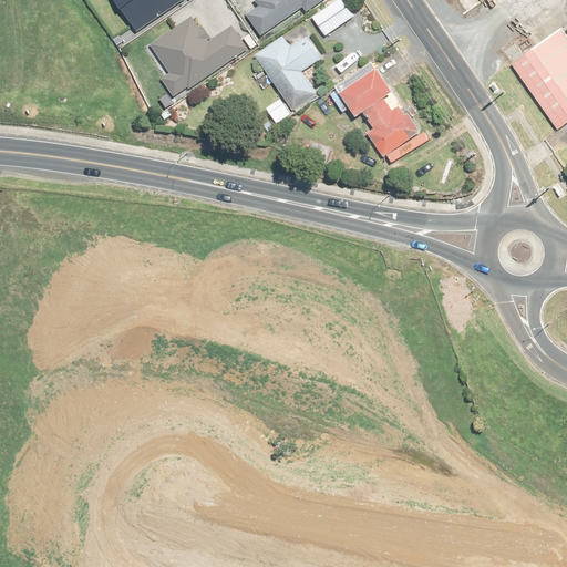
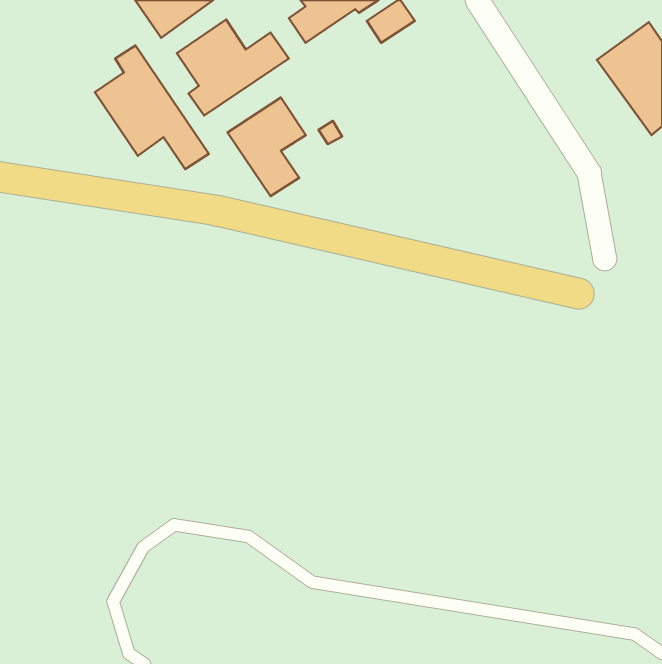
building: [256,27,322,111] -> [228,97,306,196]
building: none -> [95,45,209,169]
building: [337,63,420,157] -> none

